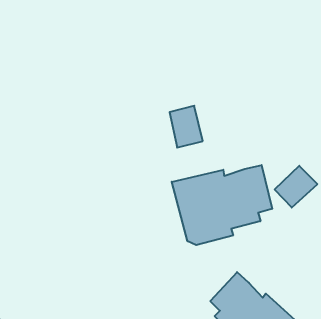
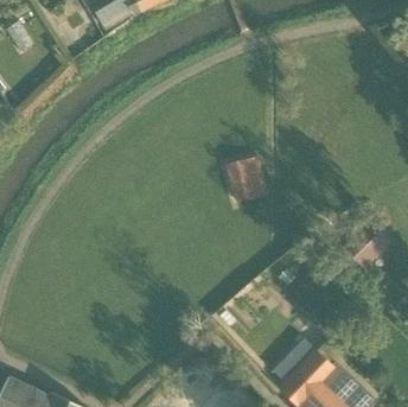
building: [172,165,272,245] -> none

